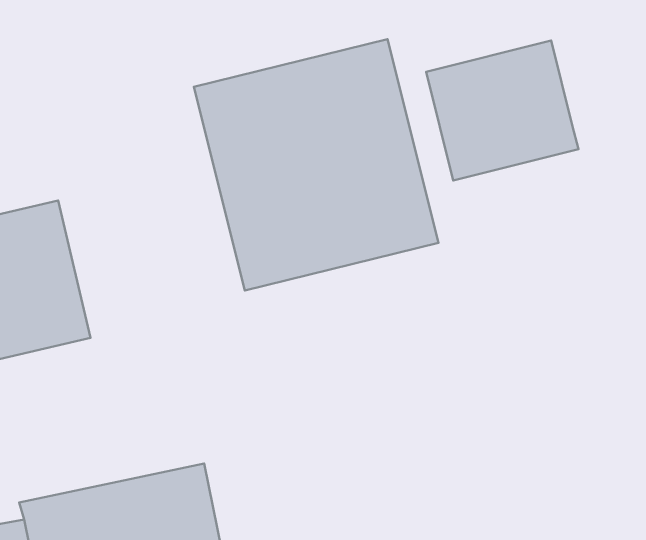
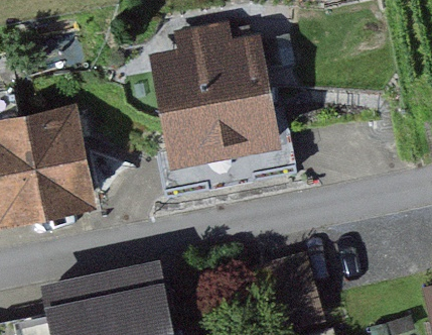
building: [426,41,578,180] -> none

